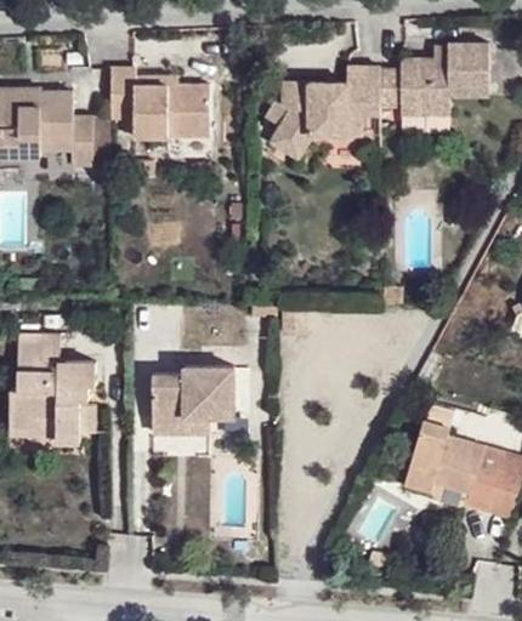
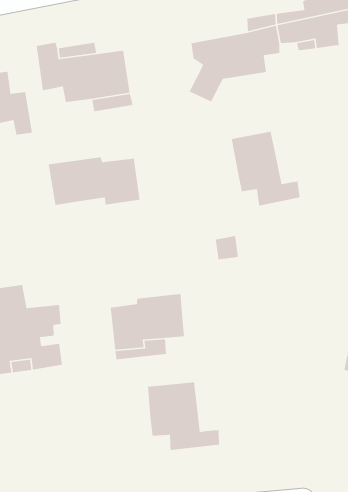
building: none -> [231,131,301,207]
building: none -> [48,157,140,206]
building: none -> [147,382,220,451]

